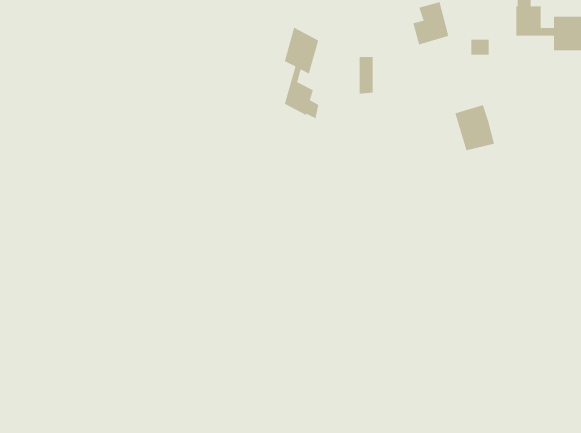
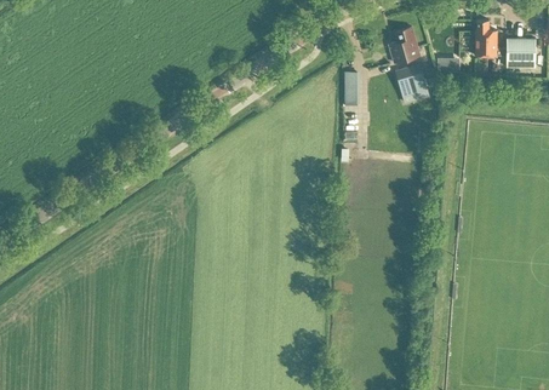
building: [284,27,319,119] -> none
building: [454,105,495,151] -> [395,63,429,102]

